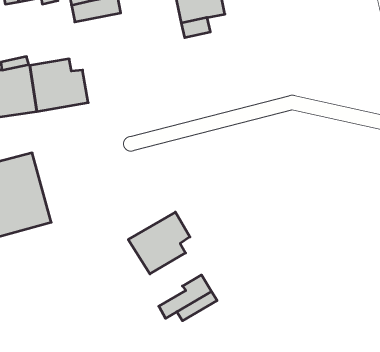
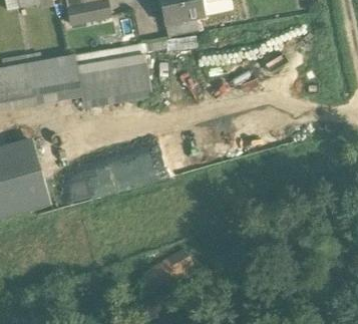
building: none -> [76,53,150,105]
building: [128,212,190,274] -> none

